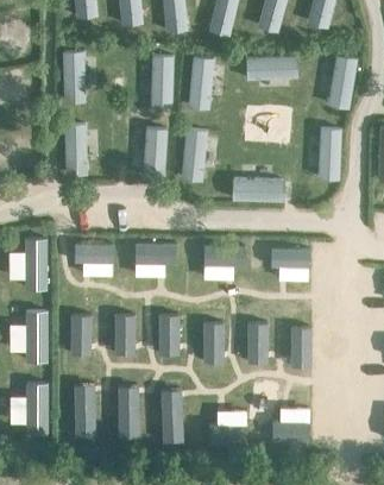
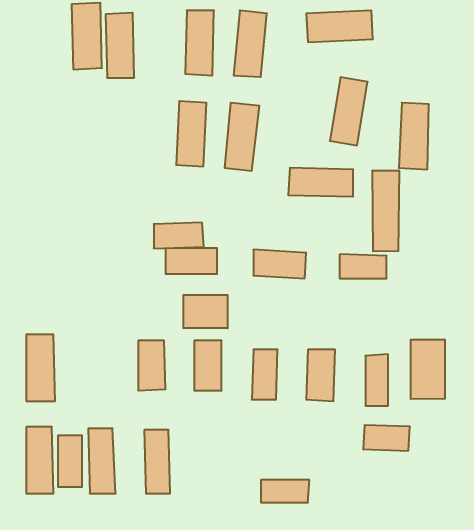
building: [327,56,357,109] -> [330,77,368,145]
building: [63,124,86,175] -> [106,13,134,78]
building: none -> [372,170,399,251]
building: [24,238,45,290] -> none
building: [74,244,113,264] -> [154,223,204,248]
building: none -> [183,295,228,328]
building: [71,315,90,355] -> [58,435,82,487]
building: none -> [411,339,445,399]
building: [159,390,183,440] -> none
building: [272,421,309,441] -> [363,425,410,451]

